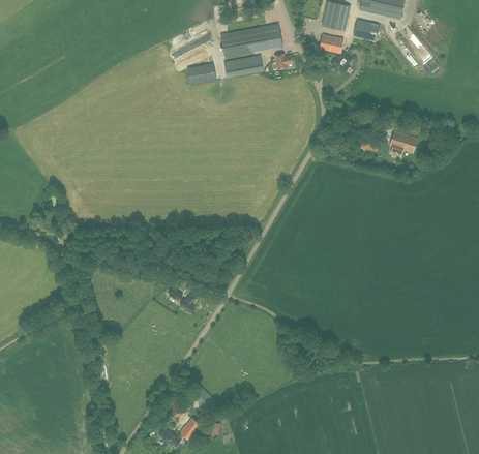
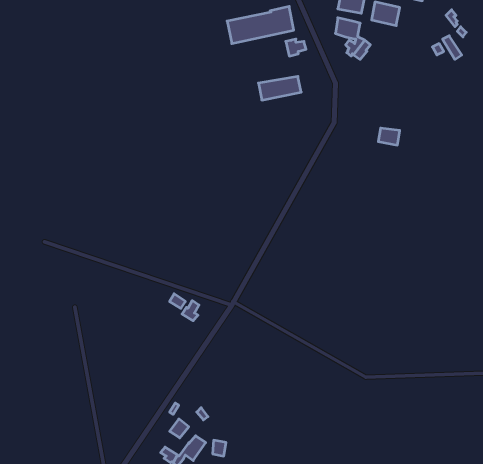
building: [223,55,263,77] -> [258,76,301,100]
building: [186,63,215,84] -> none
building: [389,130,416,155] -> none

